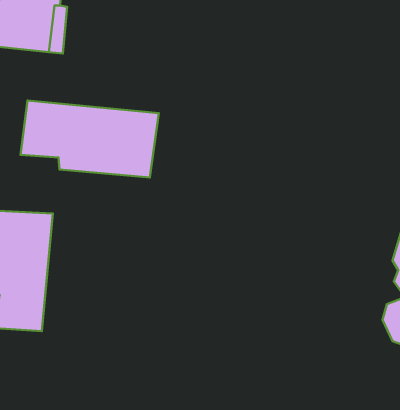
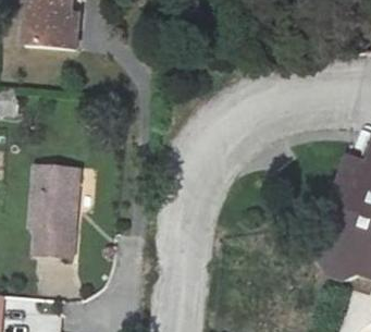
building: [21,100,159,177] -> none

